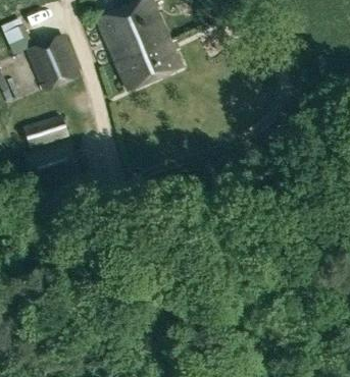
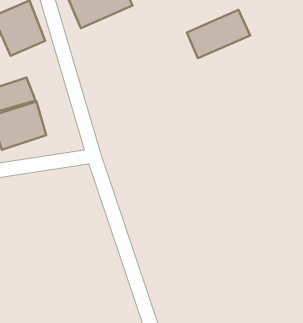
building: [116,40,182,90] -> [187,10,250,58]

